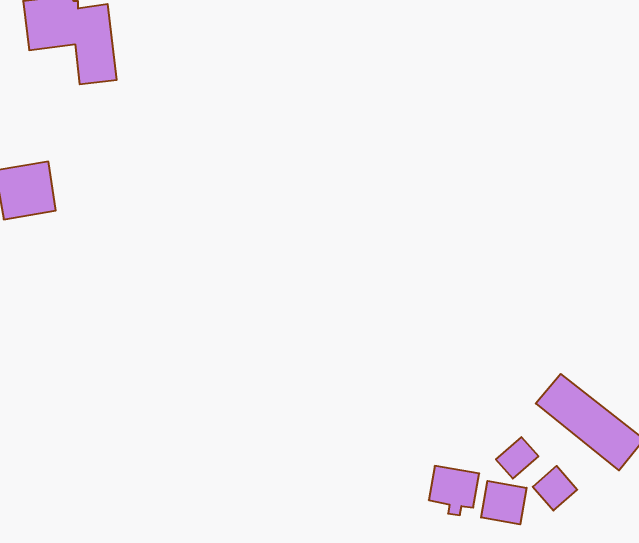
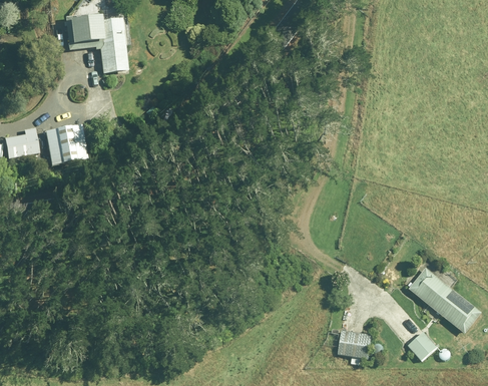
building: [496,437,538,479] -> none
building: [481,481,527,524] -> none

